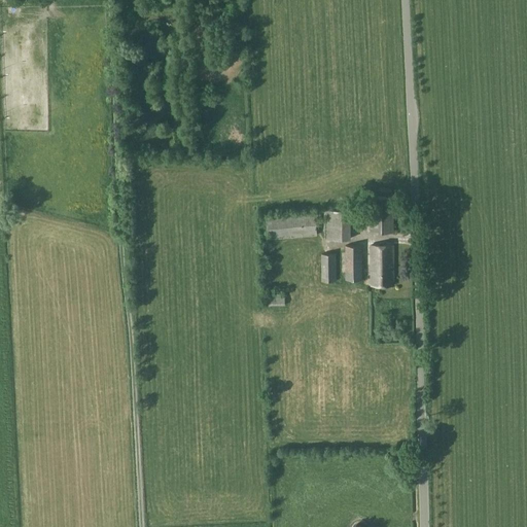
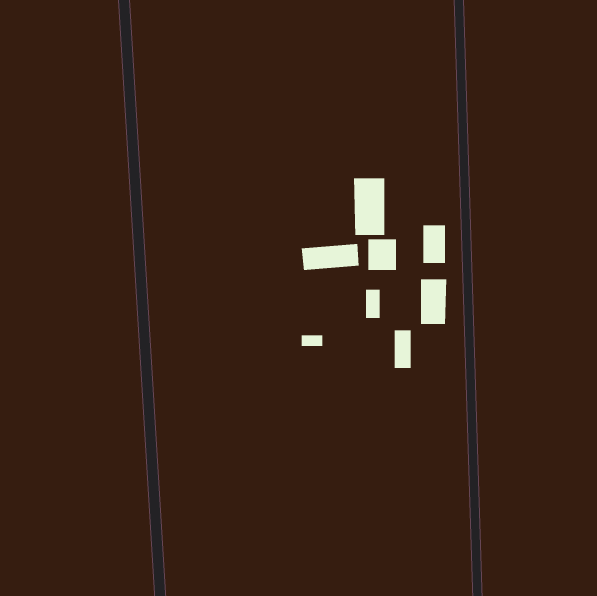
building: none -> [353,178,385,236]
building: [344,247,359,281] -> [394,330,411,369]

